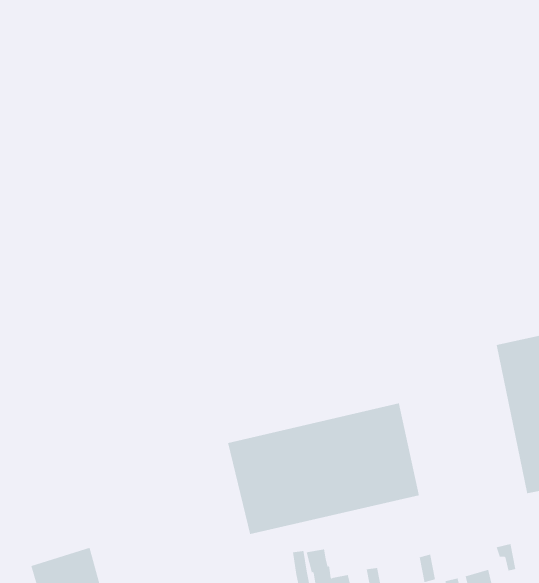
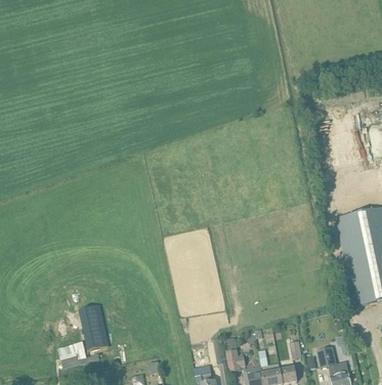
building: [228,402,419,535] -> none
building: none -> [80,305,105,337]

